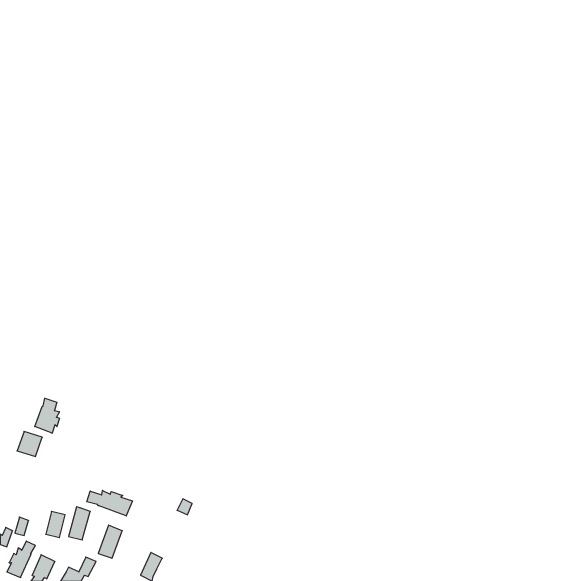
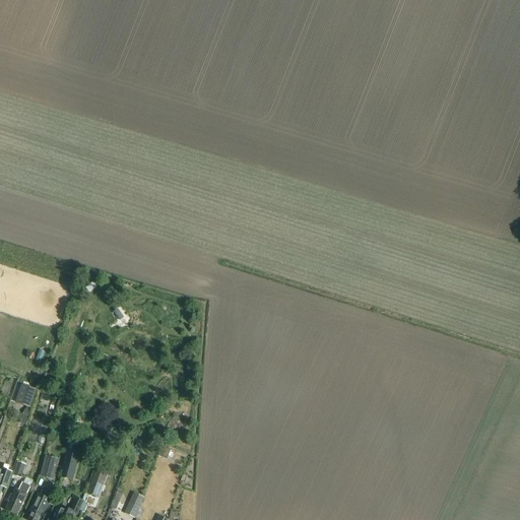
building: [35,398,59,433] -> none
building: [87,490,132,516] -> none

